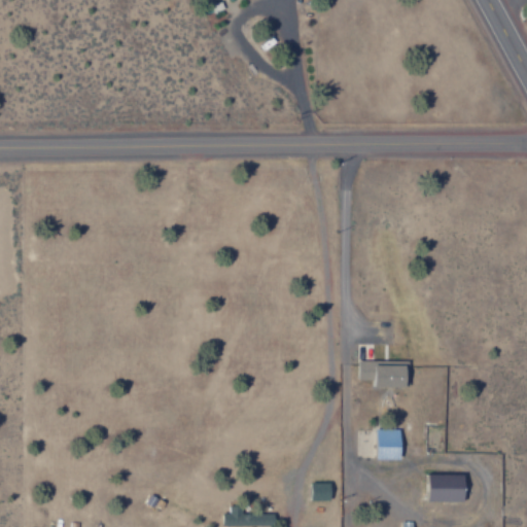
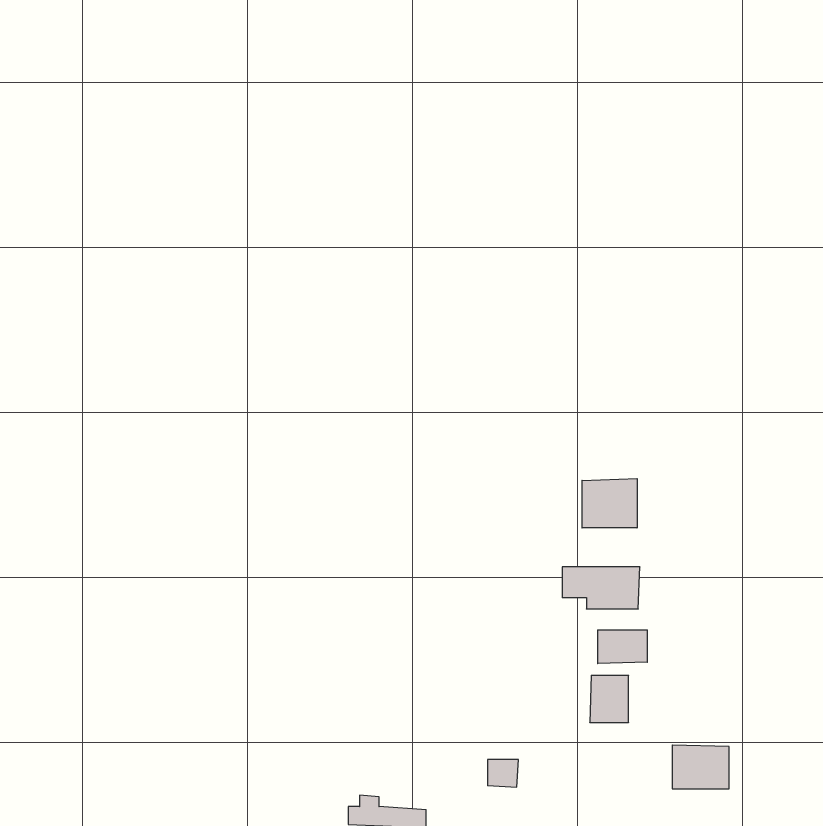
building: none -> [582,479,637,528]
building: none -> [598,630,647,664]

